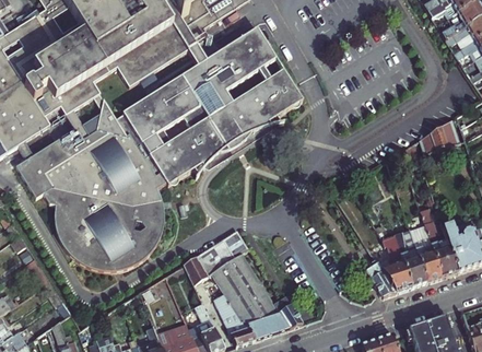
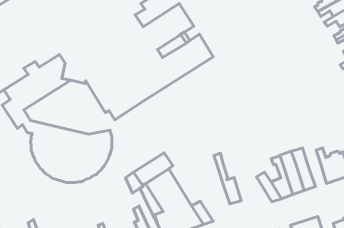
building: [419,117,460,152] -> none
building: [46,130,167,203] -> none
building: [420,206,457,274] -> [214,153,241,204]

